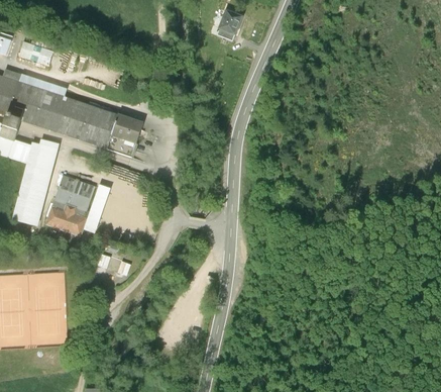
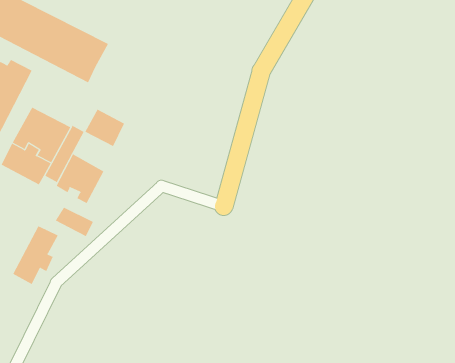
building: [110,114,141,142] -> [84,109,125,147]
building: none -> [56,153,104,204]
building: none -> [13,226,58,285]

